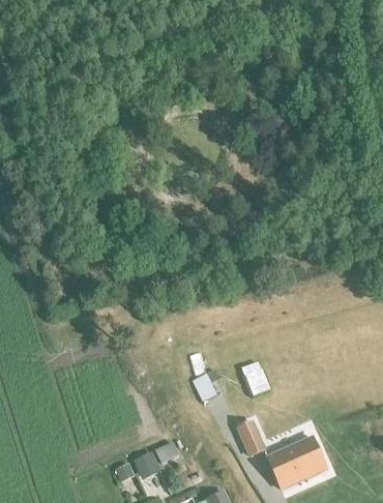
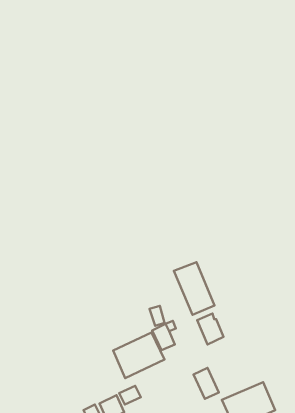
building: none -> [174,262,215,315]
building: none -> [113,333,164,378]

